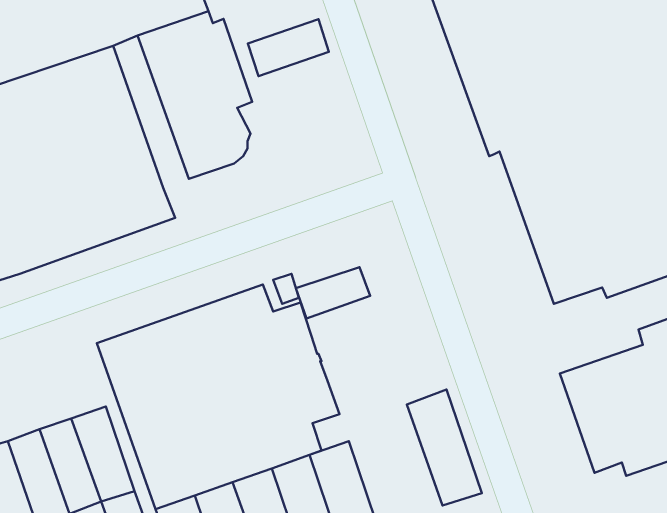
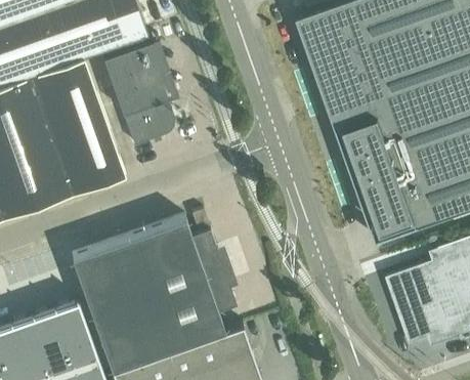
building: [248,19,329,76] -> none
building: [296,267,370,319] -> none
building: [407,389,482,506] -> none

